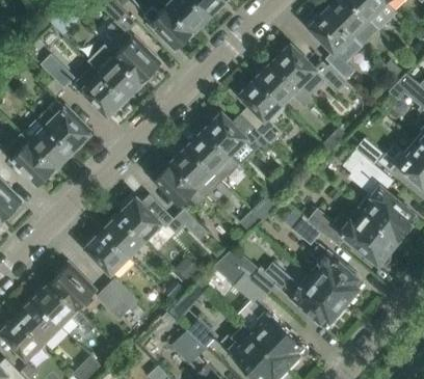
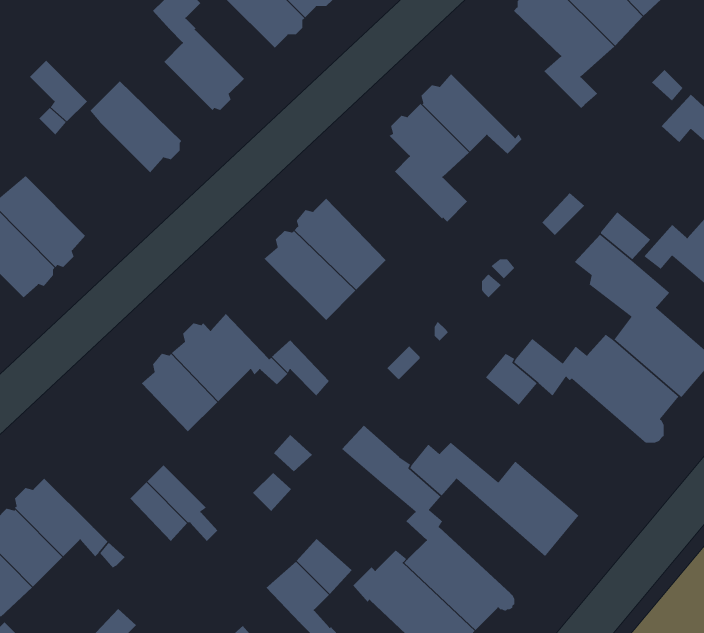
building: [87,46,142,100] -> none
building: [273,46,345,98] -> none
building: [39,101,90,152] -> none
building: [205,114,269,167] -> none
building: [154,164,205,208] -> none
building: [85,233,129,276] -> none
building: [309,245,364,305] -> none
building: [50,268,94,312] -> none

